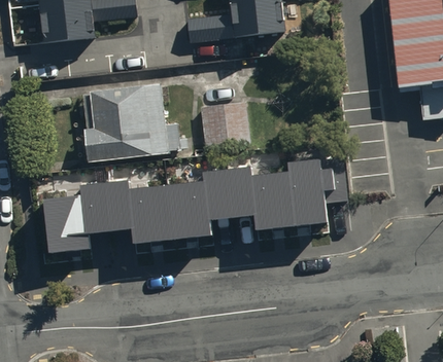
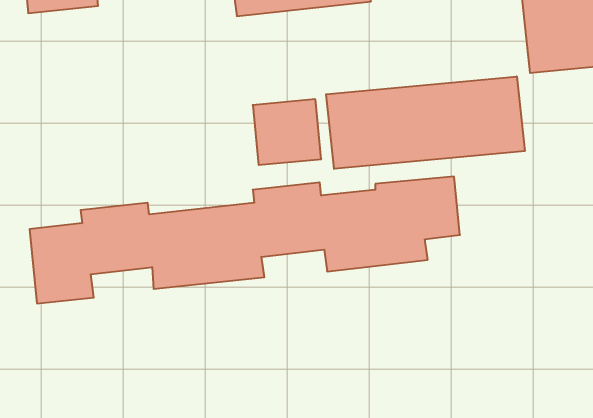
building: [80,85,169,162] -> none
building: none -> [326,76,525,169]

